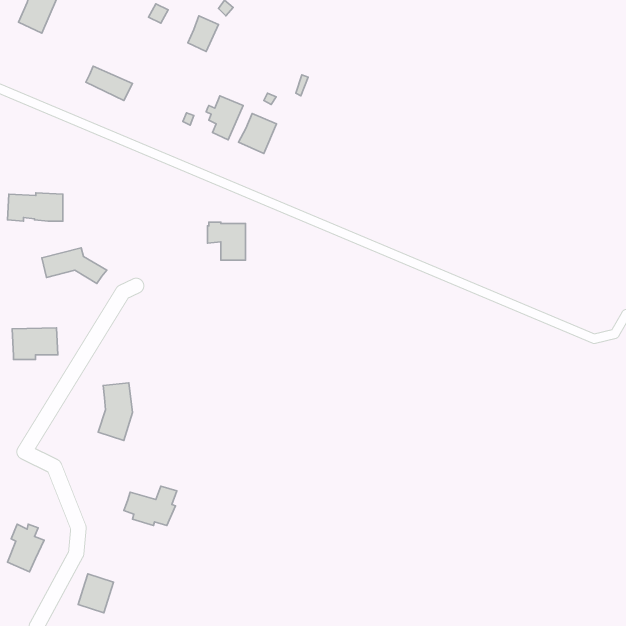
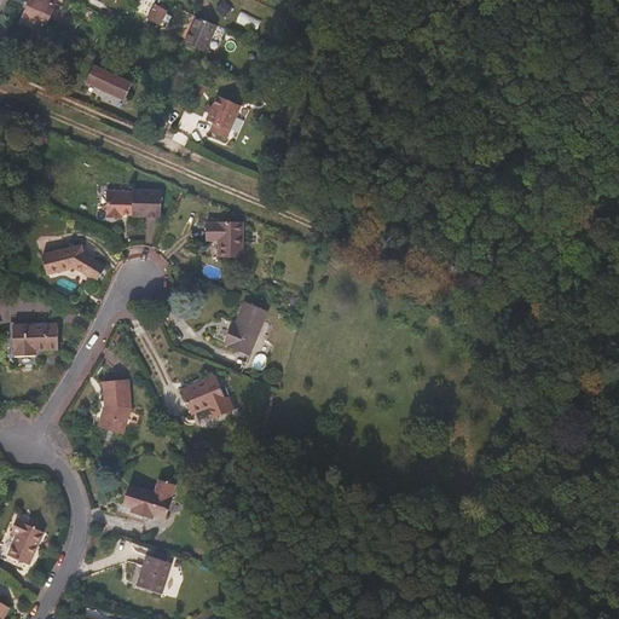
building: [238,114,277,153] -> none
building: [8,193,63,221] -> [105,189,160,216]
building: none -> [222,301,267,354]
building: none -> [180,375,237,416]
building: [78,574,114,613] -> [135,554,170,592]

